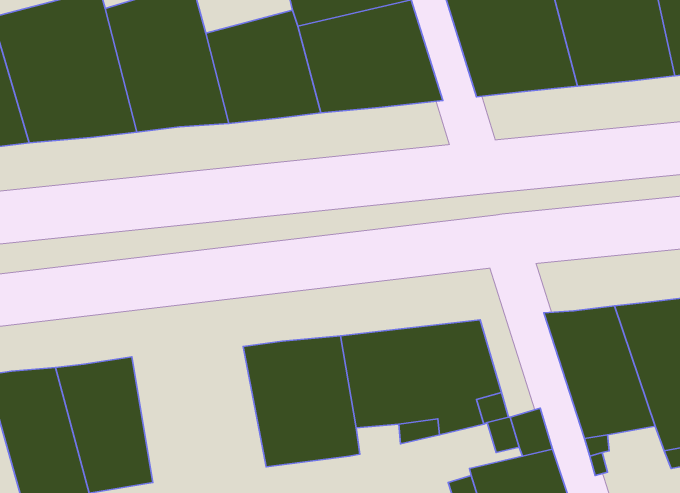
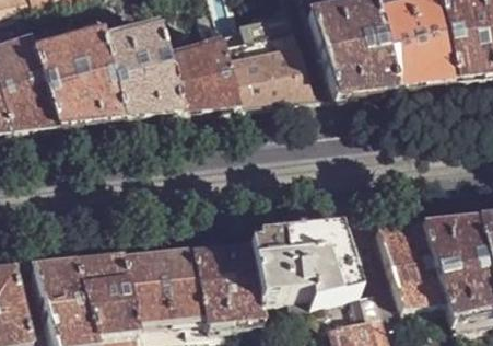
building: none -> [119,247,202,332]

